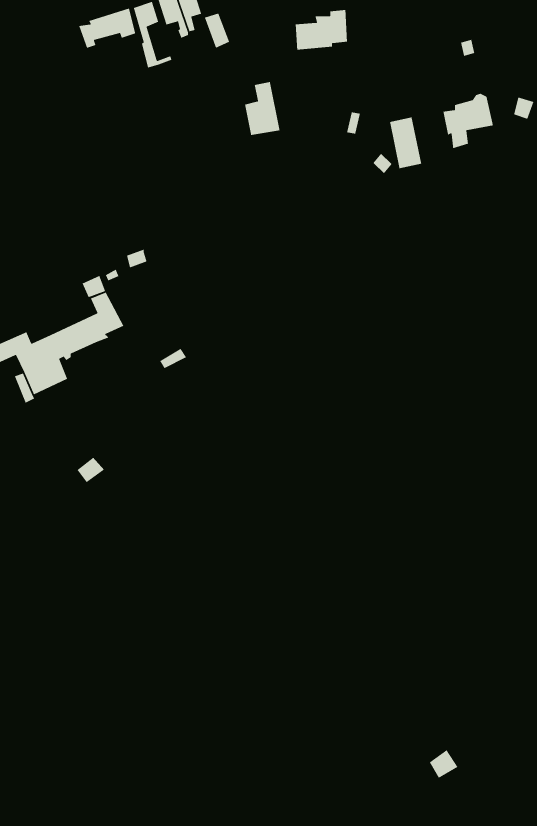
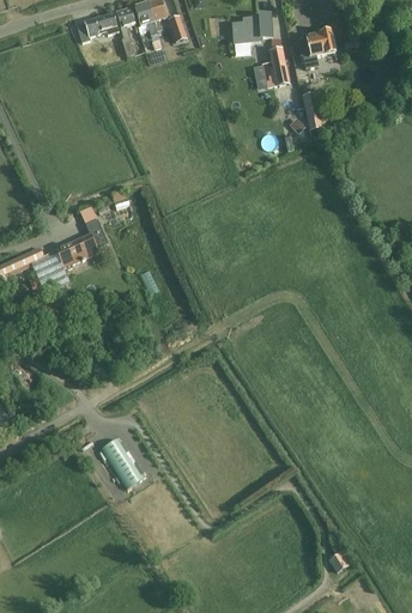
building: [244,81,280,136] -> [261,41,287,80]
building: [443,93,494,149] -> [297,26,334,67]
building: none -> [99,437,141,487]

